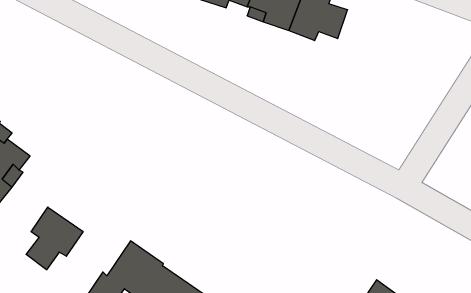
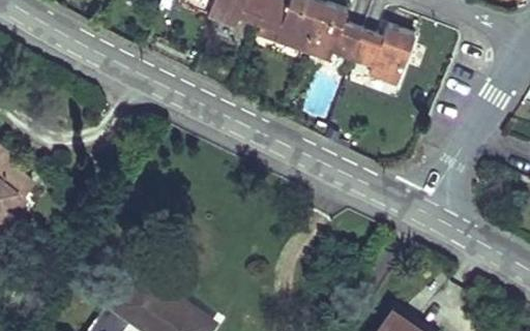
building: none -> [353,25,416,86]
building: [26,207,83,270] -> none

